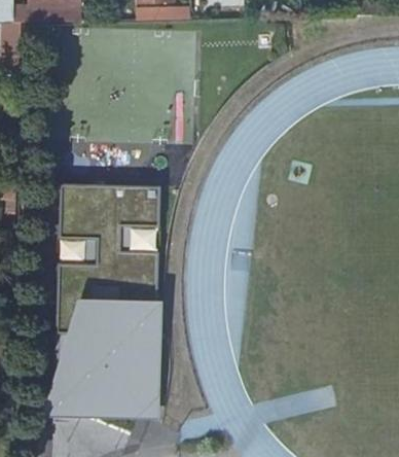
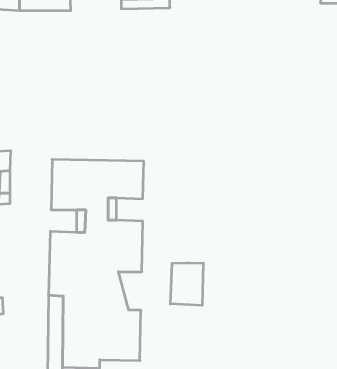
building: none -> [170,263,203,305]

